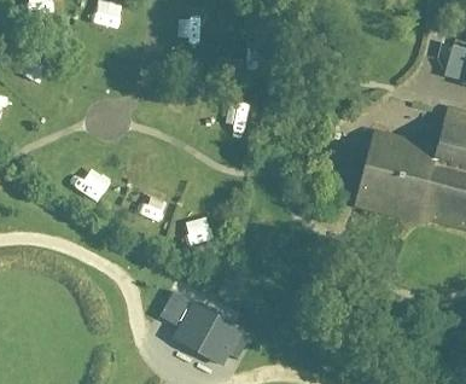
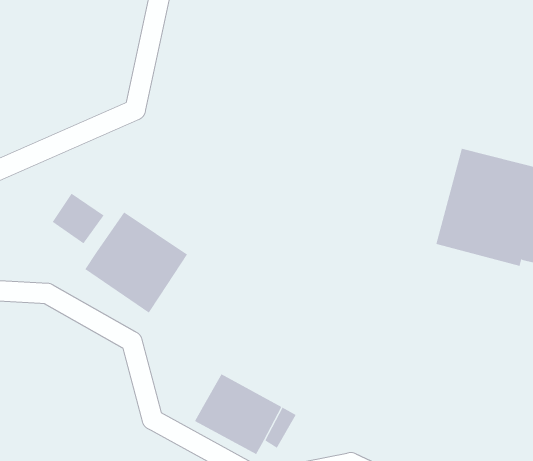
building: none -> [84,212,188,313]
building: [159,290,196,327] -> none

